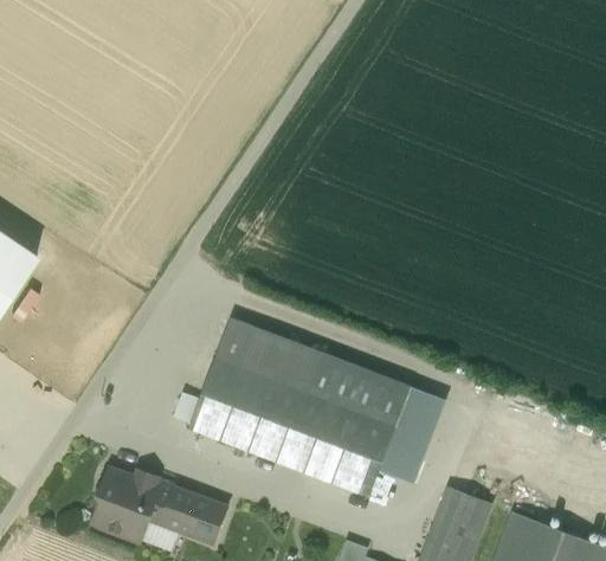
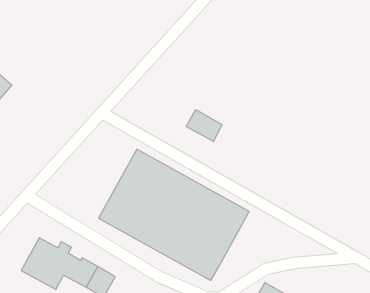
building: none -> [186,110,222,142]
building: [378,386,446,484] -> none

